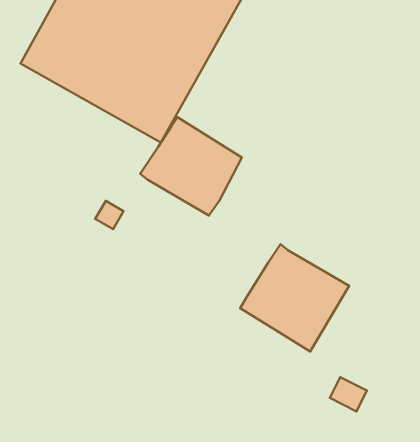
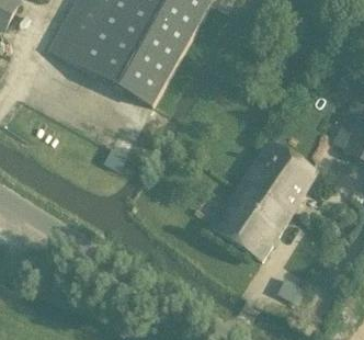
building: [140,117,242,216] -> [241,139,316,212]

